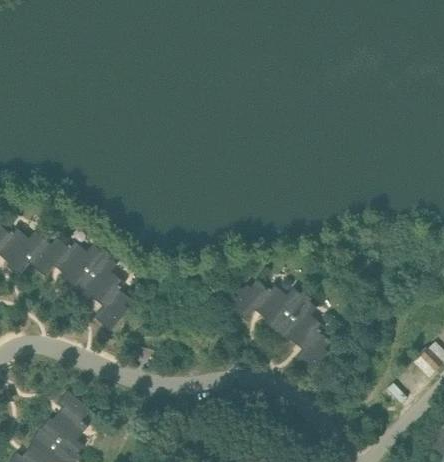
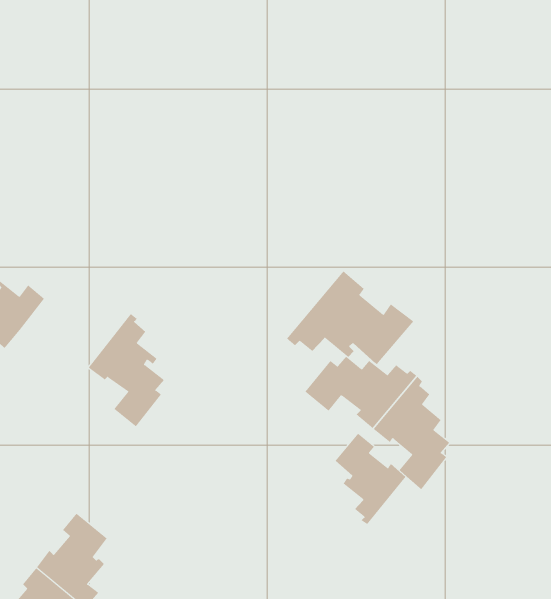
building: none -> [286,270,414,365]
building: [29,236,106,288] -> none
building: none -> [335,433,406,525]

